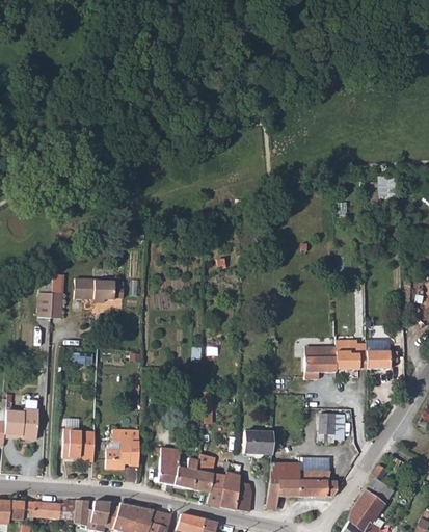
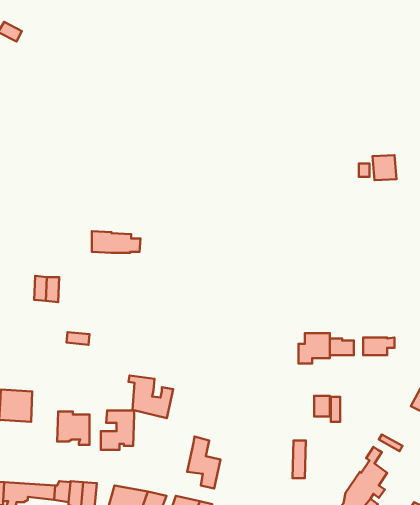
building: [74,278,123,300] -> [92,231,141,253]
building: [334,348,368,373] -> none
building: [243,431,272,455] -> none
building: [154,447,198,489] -> [128,376,173,418]
building: [266,455,299,508] -> none
building: [310,458,337,497] -> none
building: [219,461,252,511] -> none

